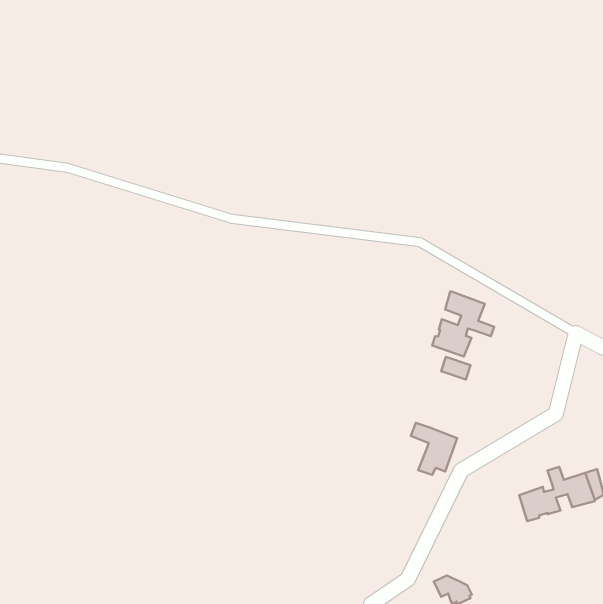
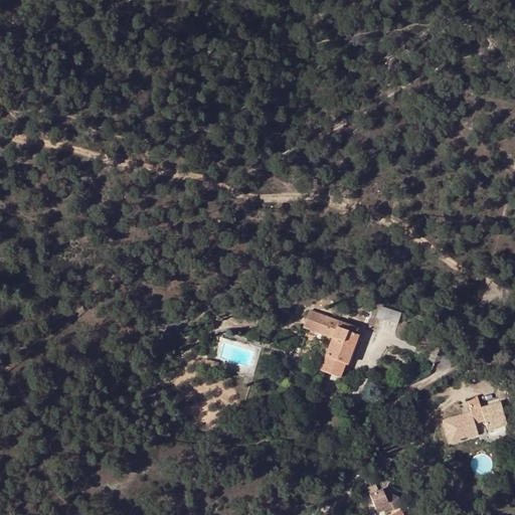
building: [432,291,494,356] -> none
building: [411,423,457,475] -> [317,320,356,364]

